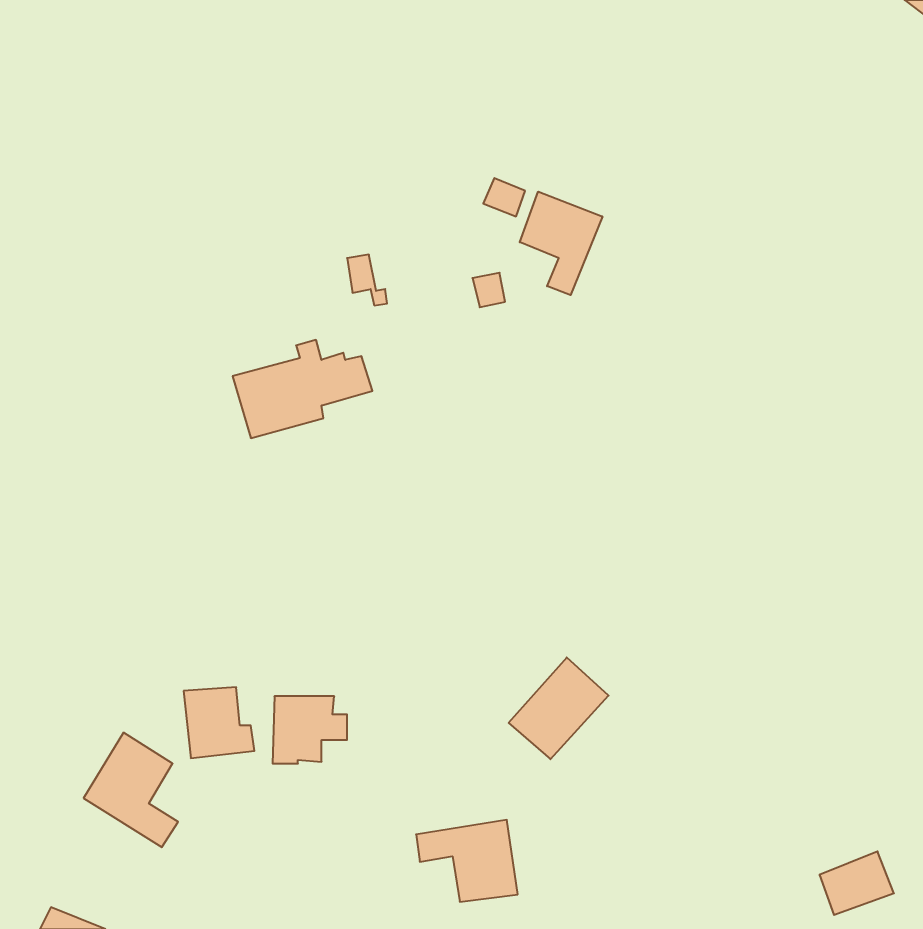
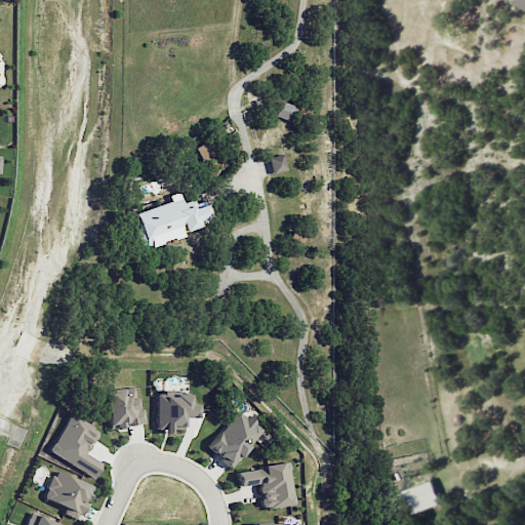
building: [520,192,602,295] -> none
building: [509,657,609,759] -> [208,409,265,467]
building: none -> [44,470,94,520]
building: [819,851,894,915] -> [401,480,443,516]

